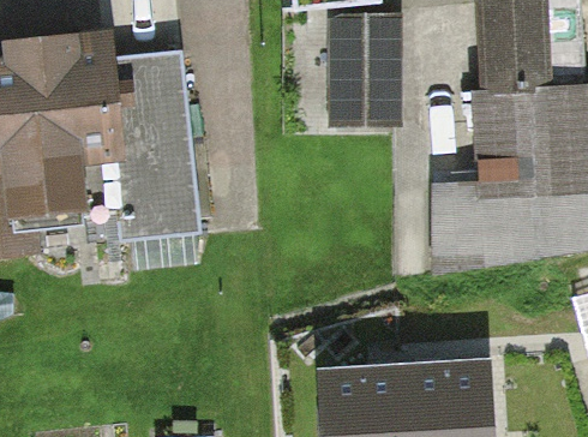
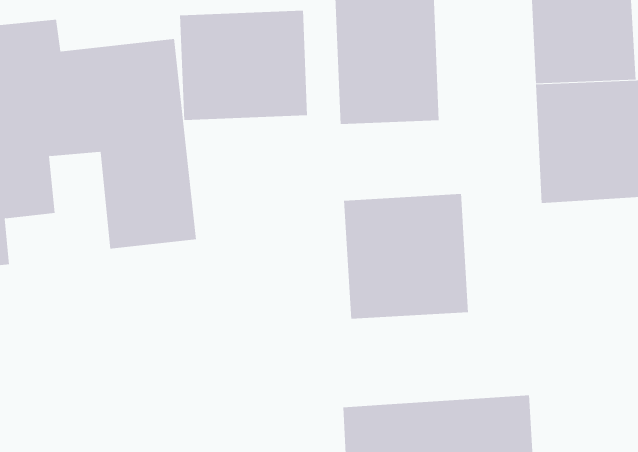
building: none -> [180,10,308,121]
building: none -> [344,193,469,320]

